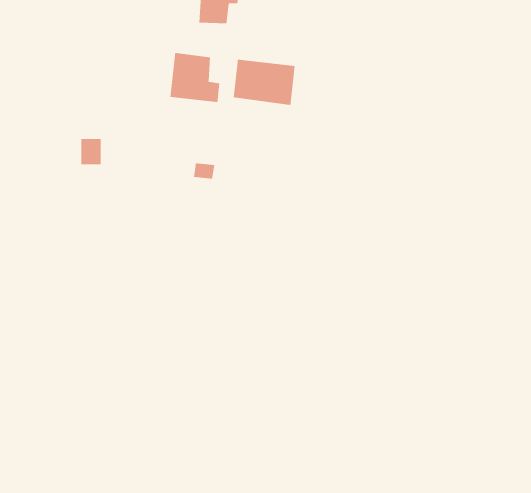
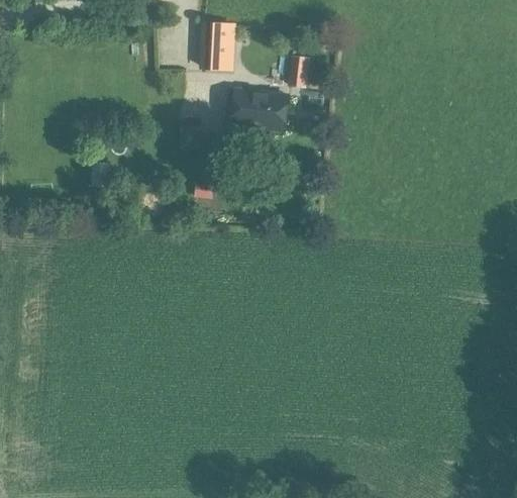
building: none -> [289,56,312,89]
building: [170,52,220,103] -> none

